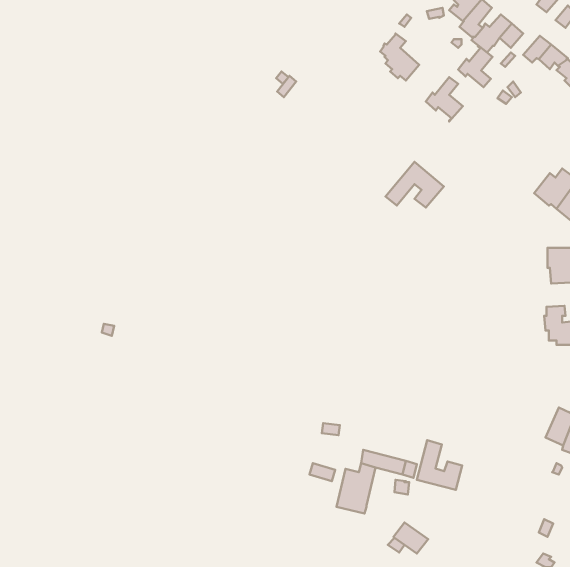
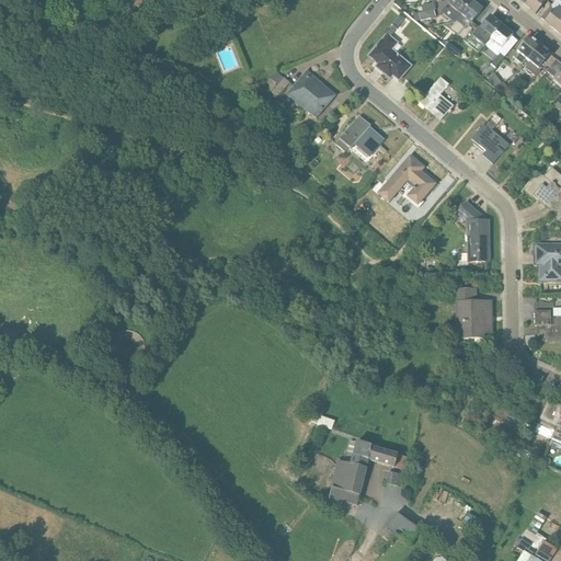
building: [458,45,492,87] -> none
building: none -> [288,72,336,117]
building: none -> [337,114,385,156]
building: none -> [472,118,511,163]
building: none -> [458,201,490,260]
building: none -> [457,287,492,336]
building: [417,440,462,490] -> none

